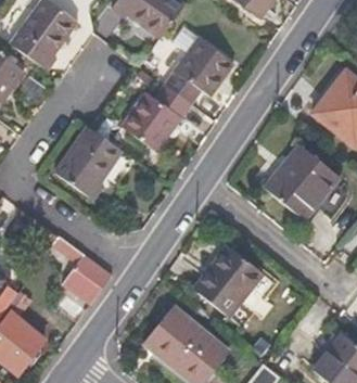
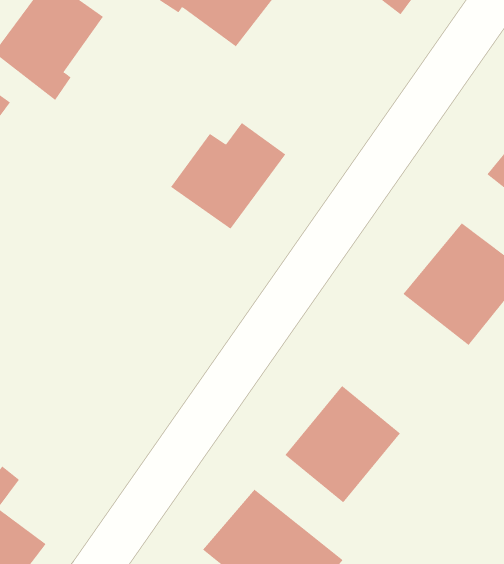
building: [164,27,234,103] -> none
building: [53,124,118,196] -> none
building: [52,235,113,305] -> none

